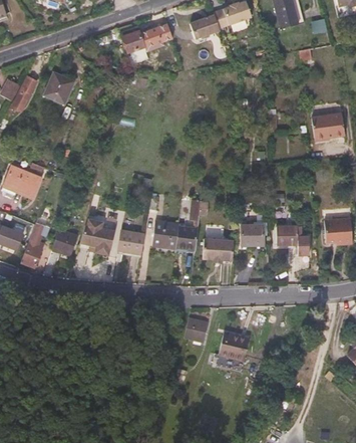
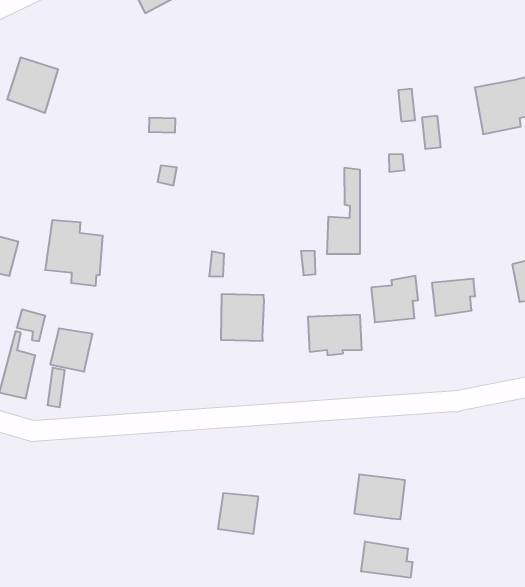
building: [175,198,200,248] -> [327,168,360,254]
building: [80,214,115,254] -> [45,220,103,286]
building: [117,229,144,253] -> none
building: [184,316,209,342] -> [218,493,258,534]
building: none -> [361,541,413,578]

